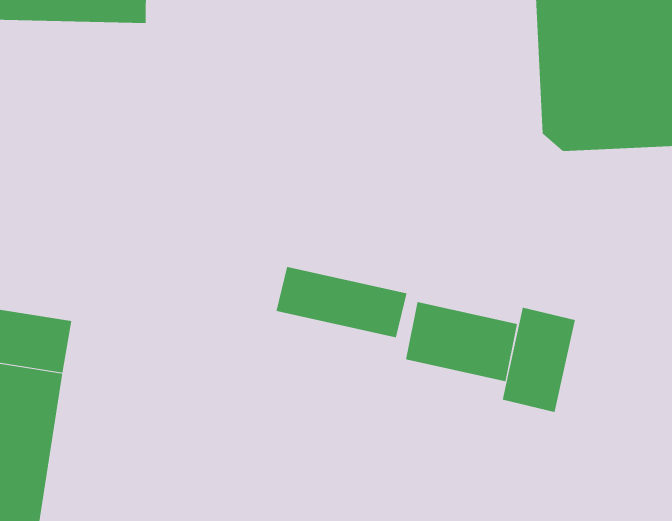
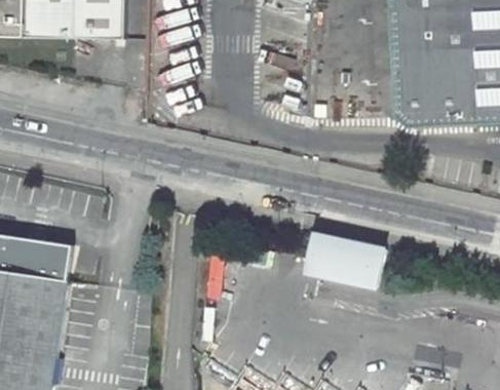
building: [276,266,407,338] -> none
building: [502,307,575,413] -> none

